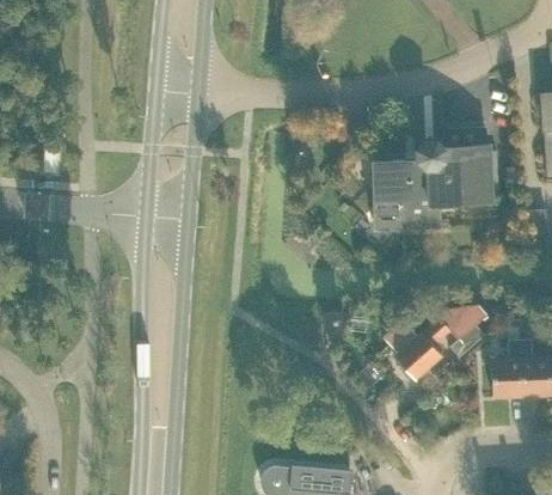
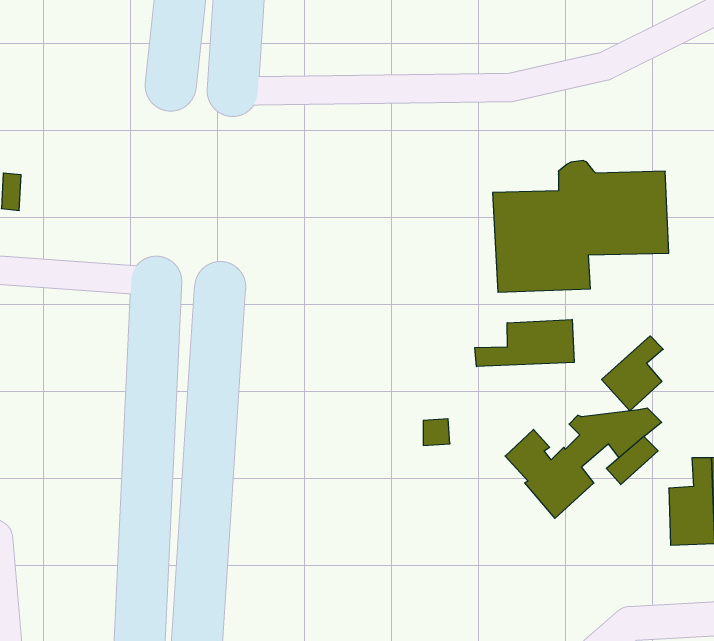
building: none -> [475,319,574,367]
building: none -> [602,336,663,411]

